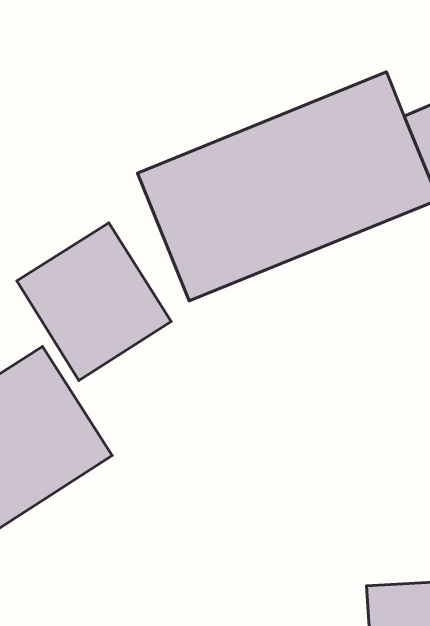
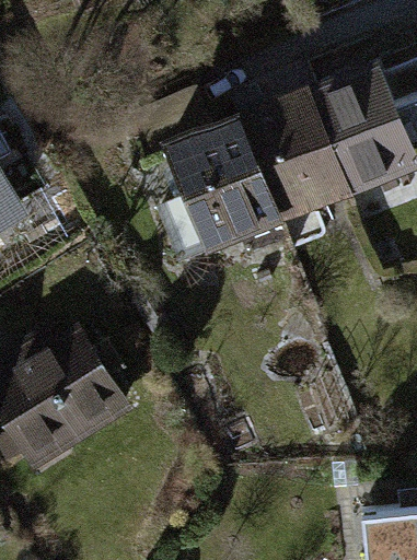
building: [17,223,171,380] -> none

